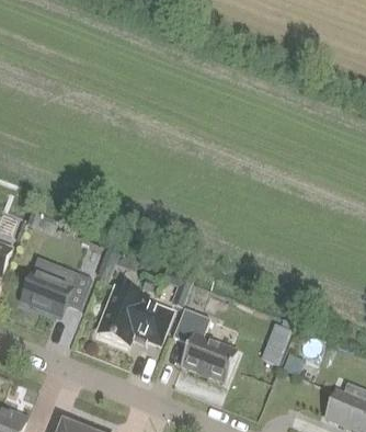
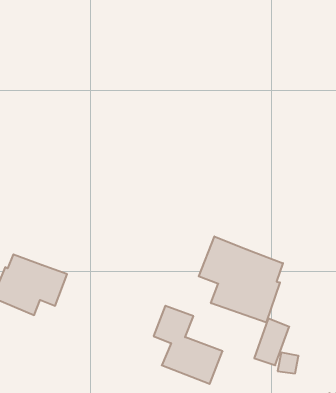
building: none -> [199,236,283,322]
building: [98,286,171,343] -> none

